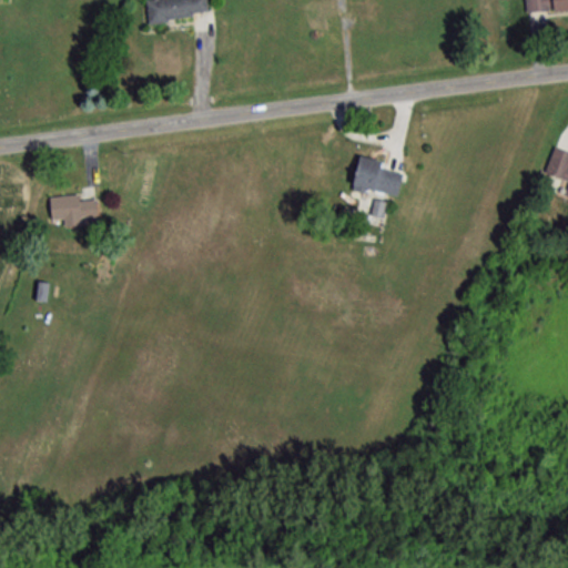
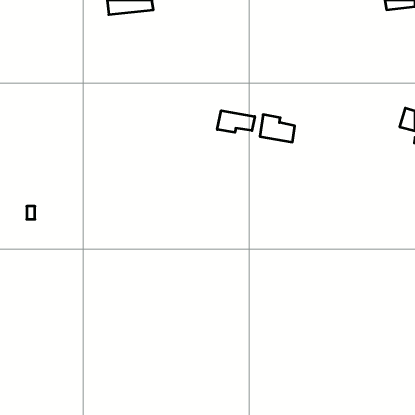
building: none -> [217,111,255,132]
building: [51,194,99,223] -> none

